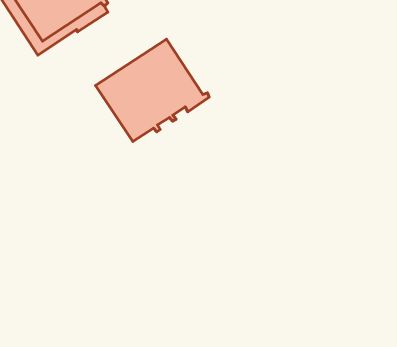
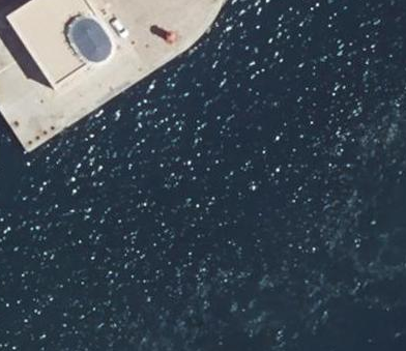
building: [95,39,209,141] -> none

